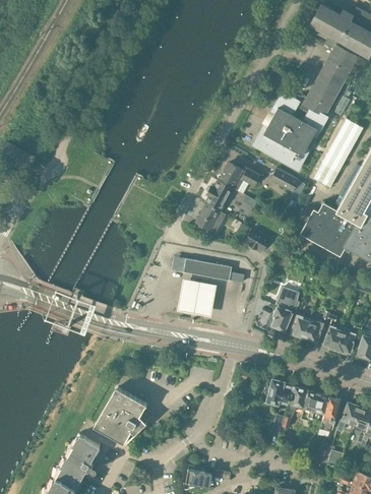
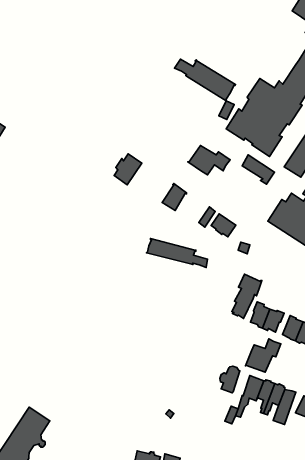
building: none -> [175,59,236,101]
building: [206,181,233,211] -> [114,154,142,185]
building: [178,277,217,316] -> none
building: none -> [246,339,281,372]
building: [97,388,147,444] -> none

